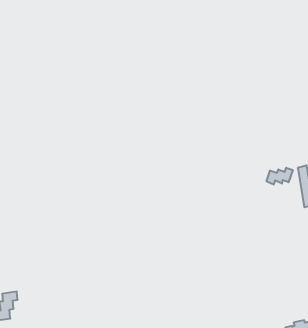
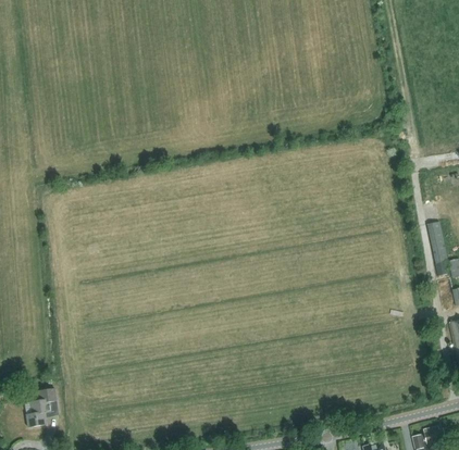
building: [267,168,293,185] -> none

